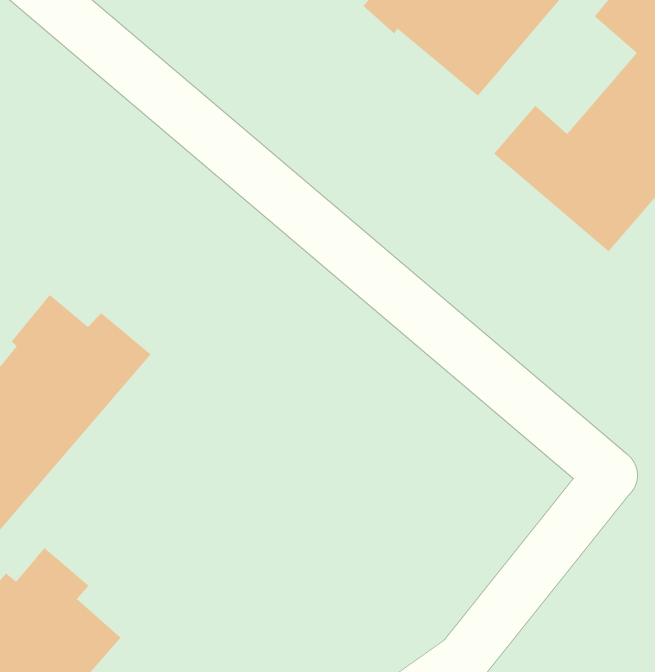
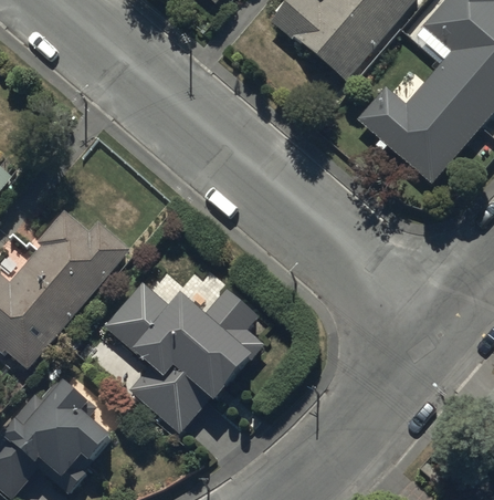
building: none -> [105,282,265,433]

